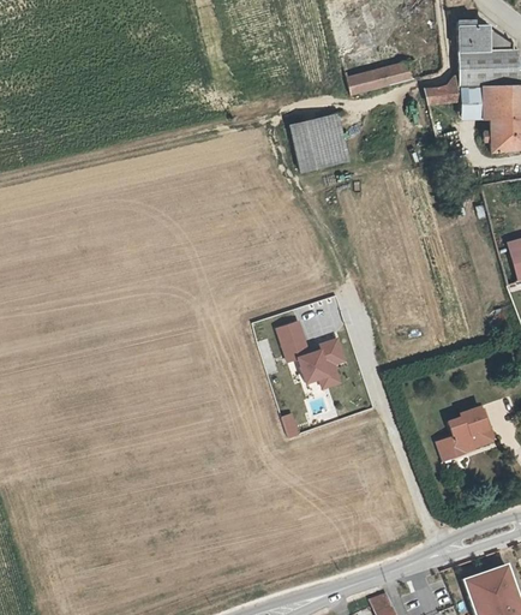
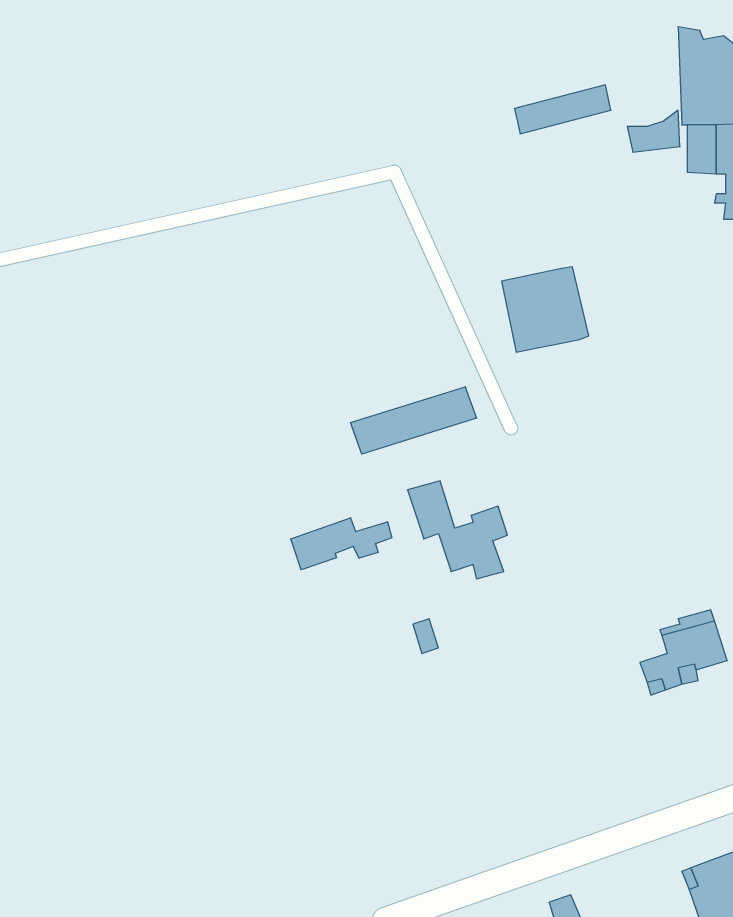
building: [289,112,347,168] -> [502,267,589,352]
building: none -> [350,387,477,454]
building: none -> [291,518,392,570]

